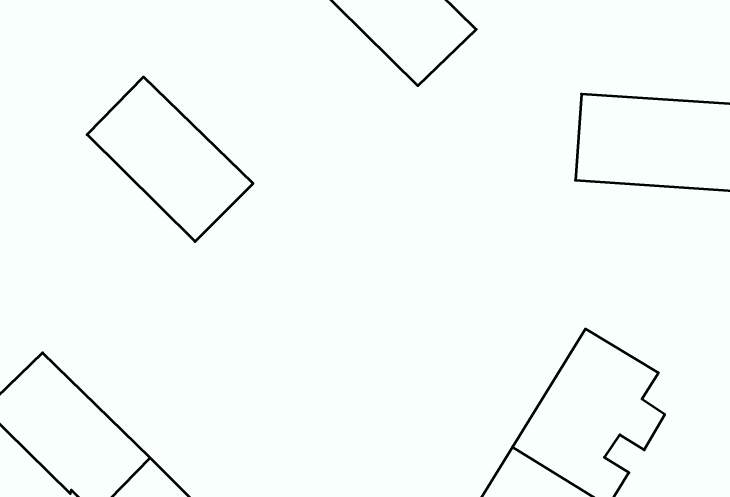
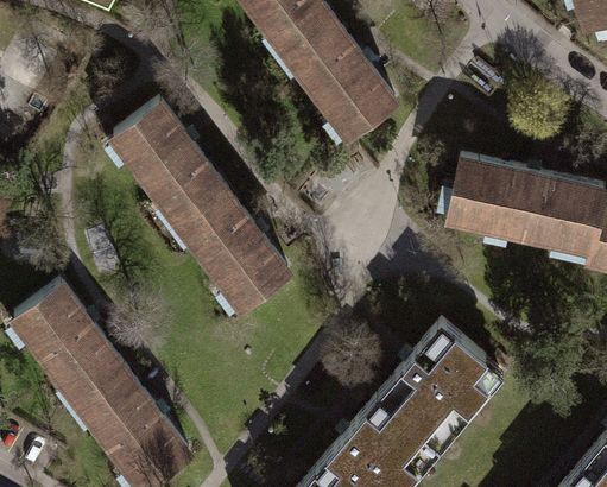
building: none -> [177,190,287,310]

